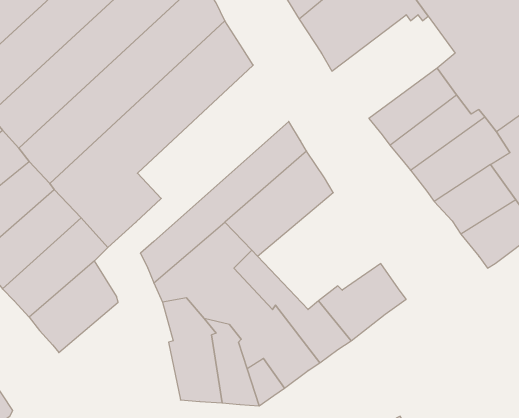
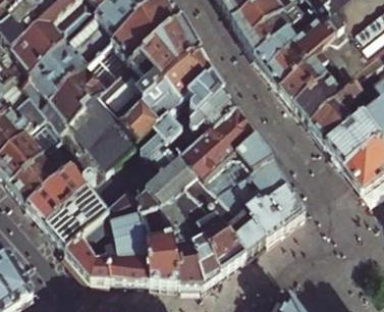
building: none -> [254,14,338,86]
building: none -> [119,49,224,170]
building: none -> [203,137,287,217]
building: none -> [66,189,150,279]

